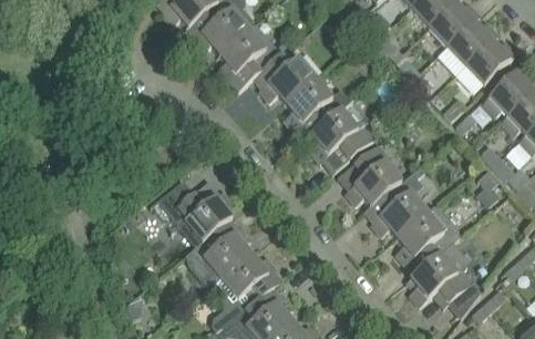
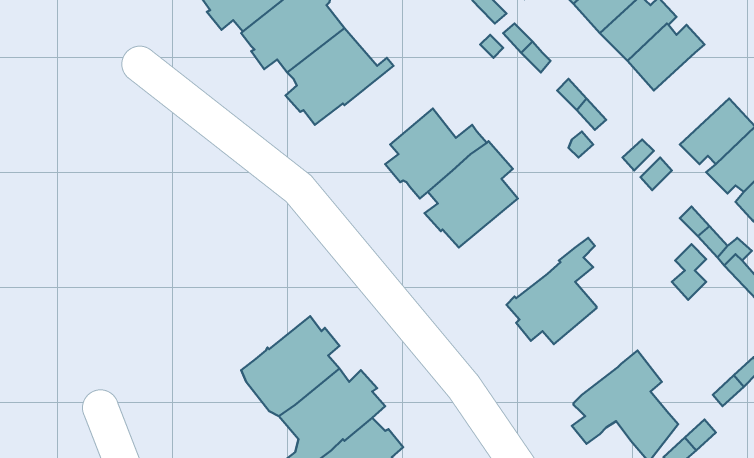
building: [464,41,516,85] -> none
building: [255,54,315,103] -> none
building: [346,145,401,207] -> none
building: [151,181,233,248] -> none
building: [395,206,460,273] -> none

